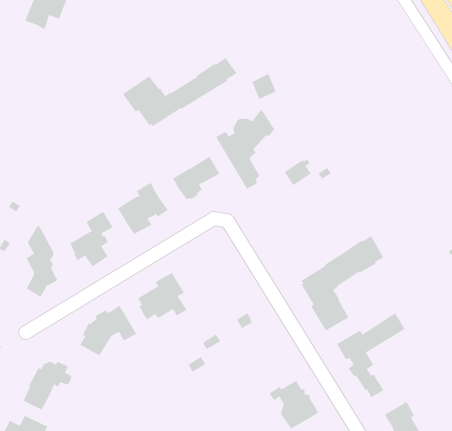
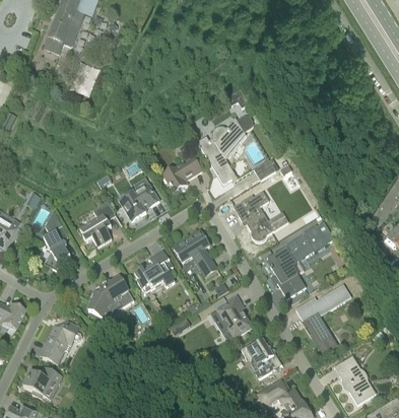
building: [122,57,237,127] -> none
building: none -> [232,191,288,241]
building: none -> [173,229,217,277]
building: none -> [211,295,251,337]

